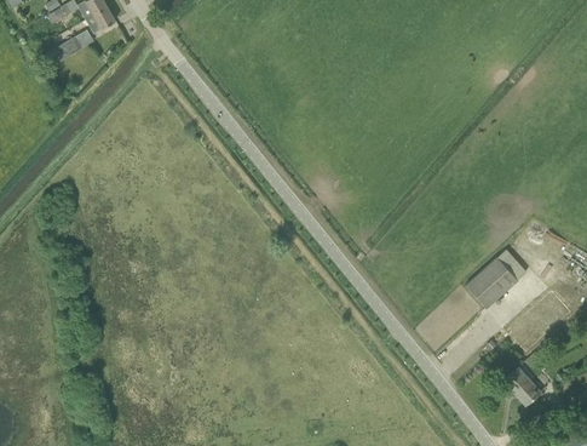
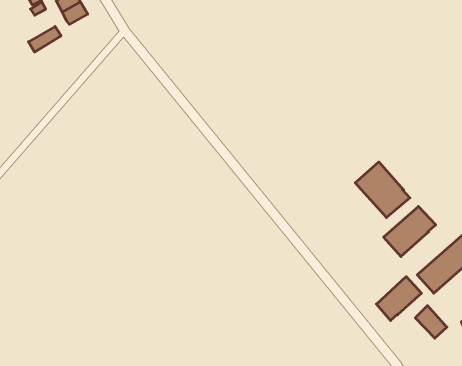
building: none -> [355,162,410,218]
building: none -> [376,277,421,321]

